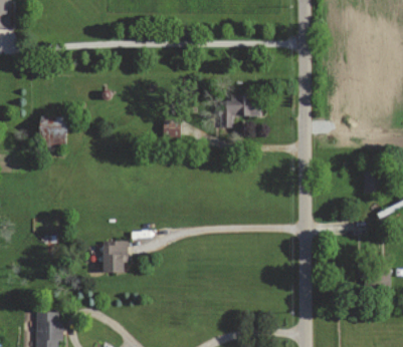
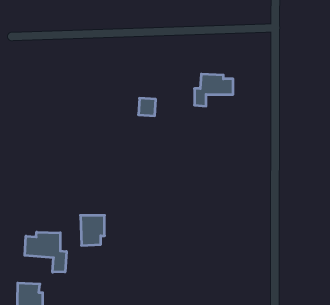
building: [39,115,66,147] -> none
building: none -> [25,232,66,272]

